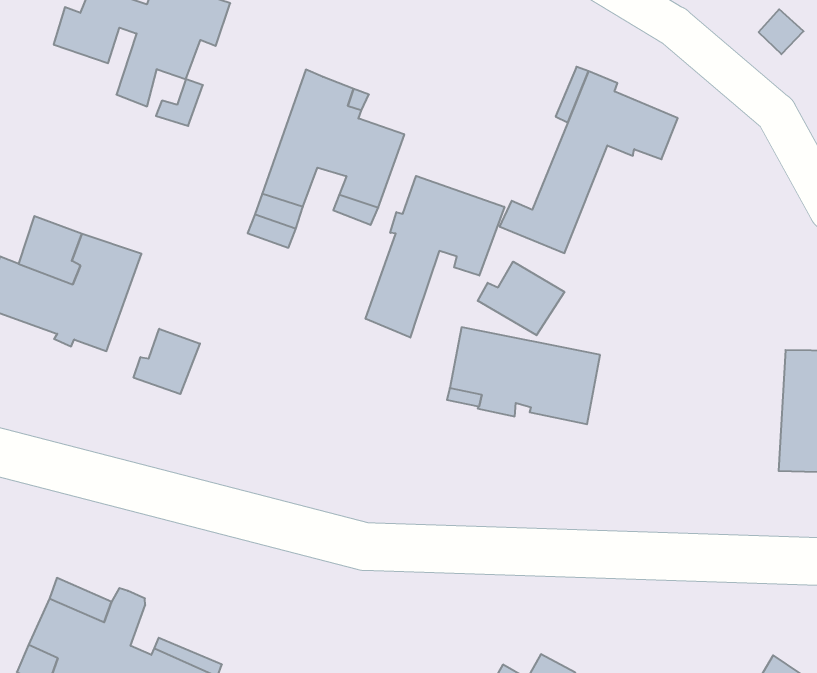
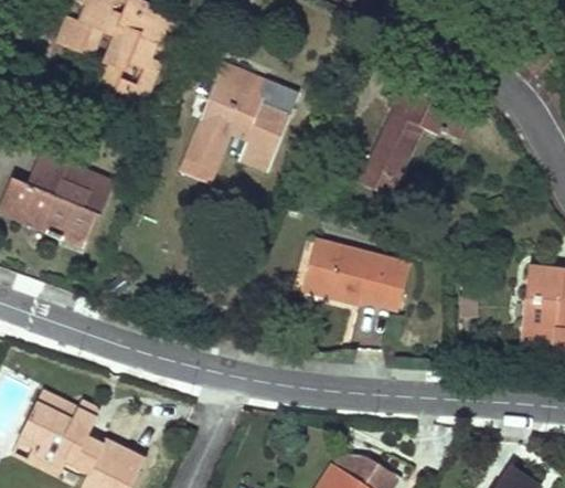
building: [366,176,504,338] -> none
building: [478,262,564,335] -> none
building: [134,329,200,394] -> none

